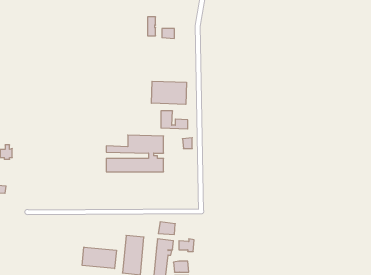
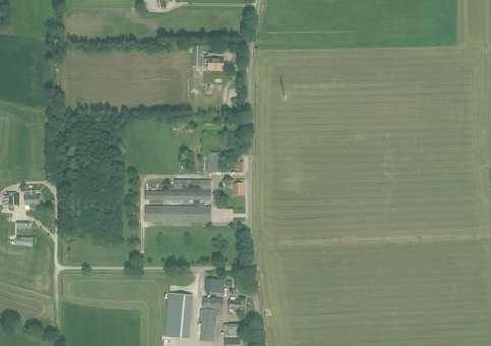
building: [151,81,186,104] -> none
building: [82,247,116,269] -> none

